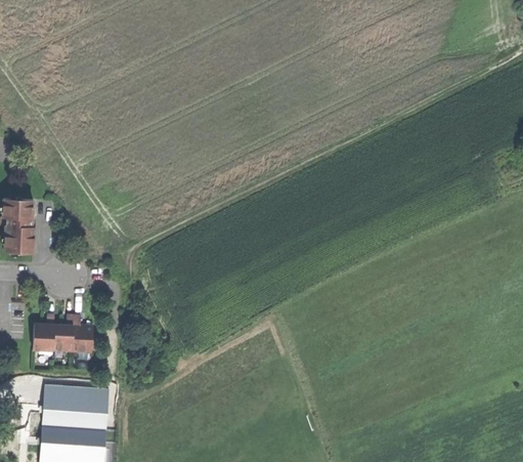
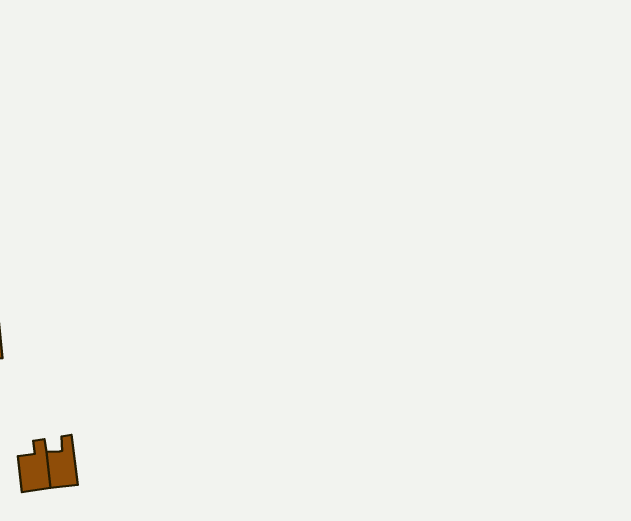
building: [73,314,93,351] -> none

